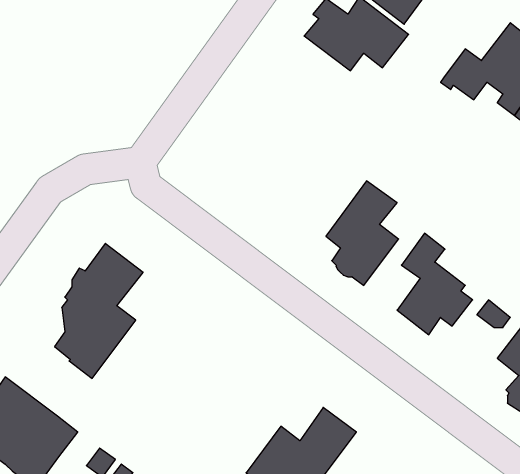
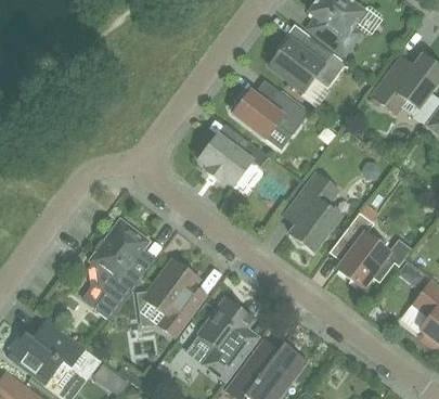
building: none -> [233,90,309,149]
building: none -> [198,133,270,184]
building: none -> [144,259,205,335]
building: none -> [199,298,256,381]

